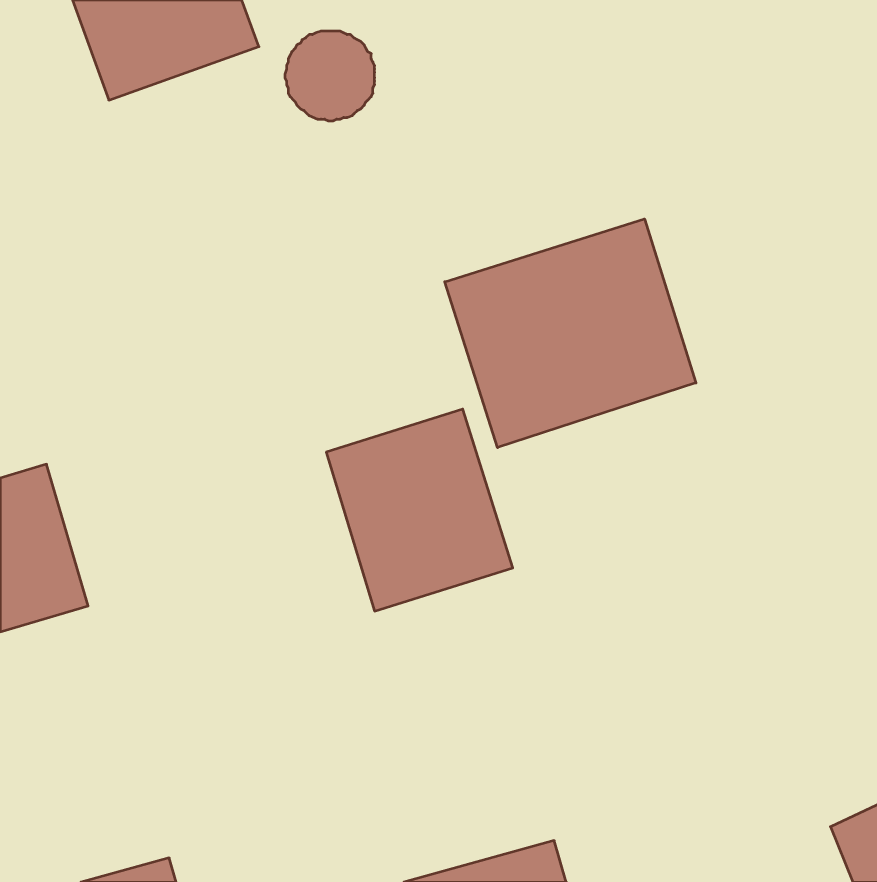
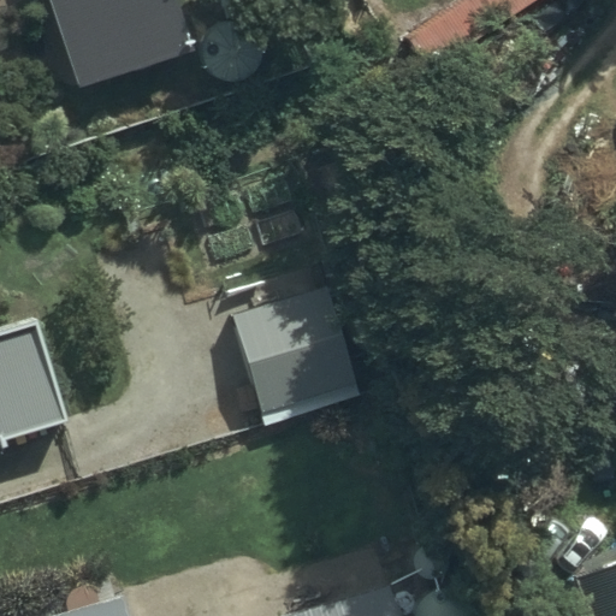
building: [445,219,696,448] -> none

